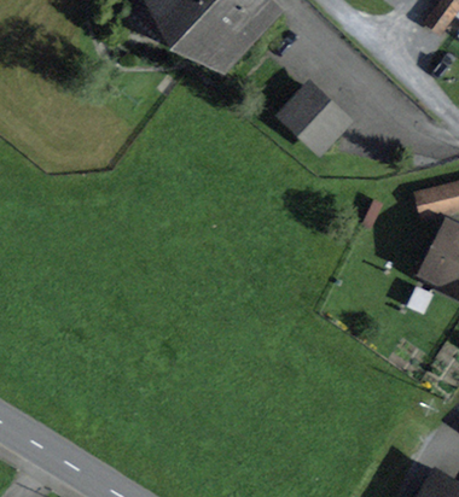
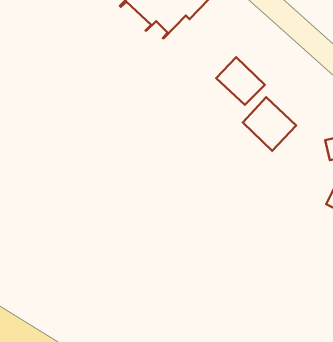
building: none -> [243,97,296,151]

